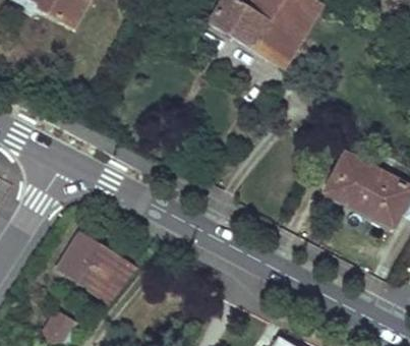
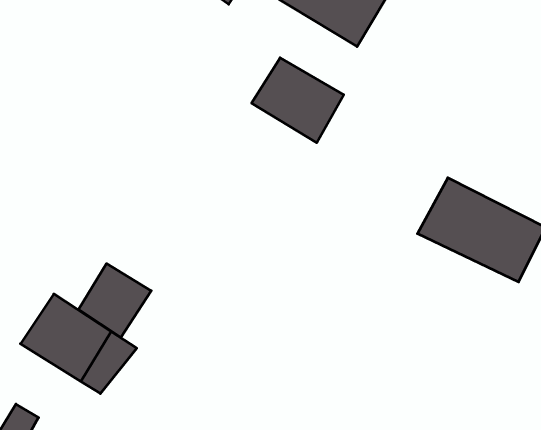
building: none -> [252,58,344,143]
building: none -> [79,264,151,338]

